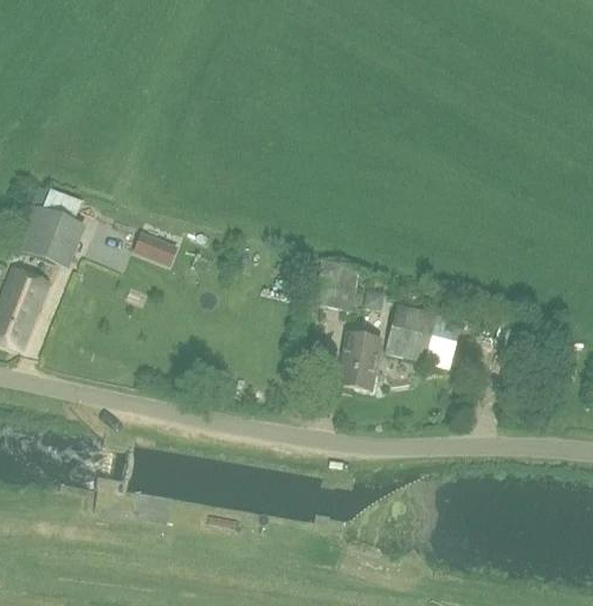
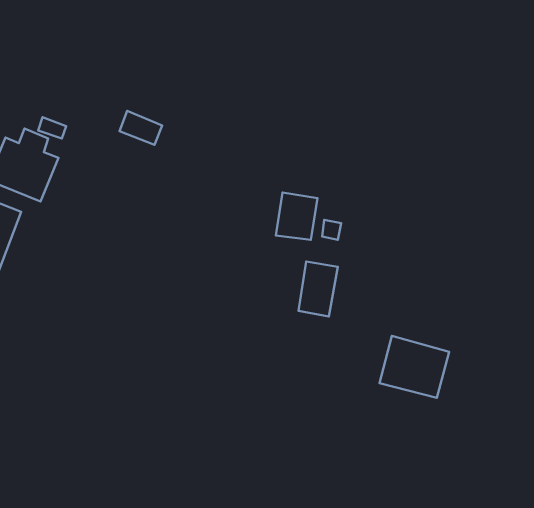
building: [133,230,178,265] -> [119,111,162,145]
building: [386,299,459,365] -> [379,336,449,398]

